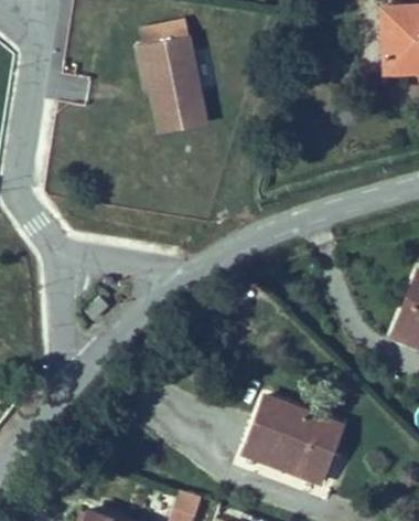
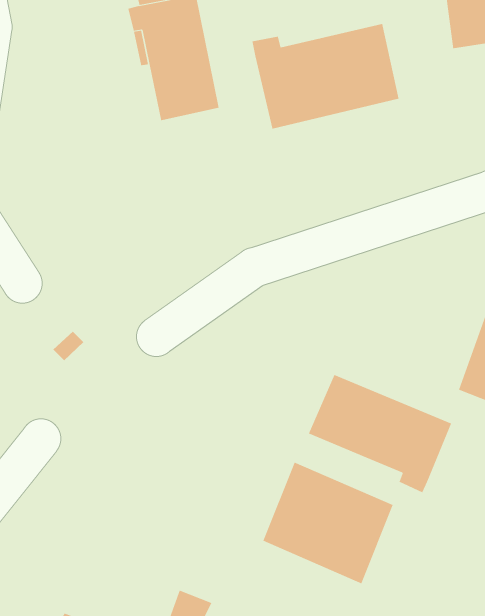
building: none -> [252,23,399,130]
building: none -> [308,374,452,493]

